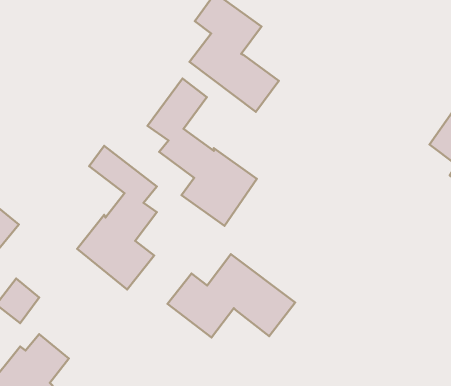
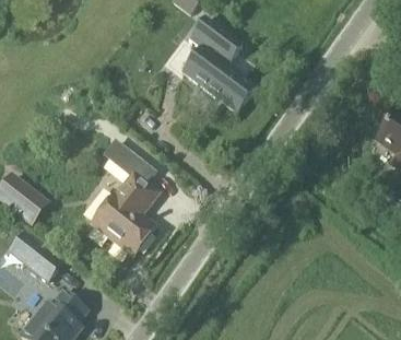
building: [147,78,257,226] -> none
building: [168,254,295,338] -> none

